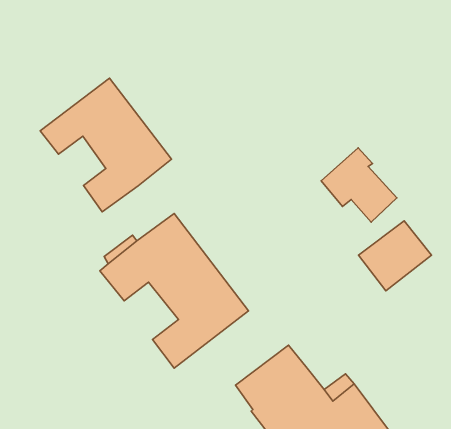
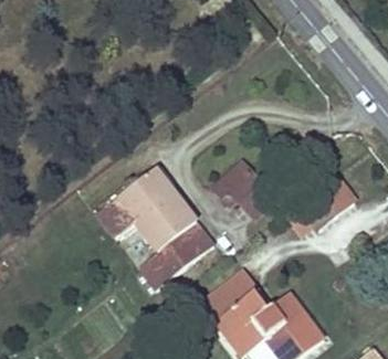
building: [40,78,171,212] -> none
building: [321,148,397,222] -> [214,161,273,219]

